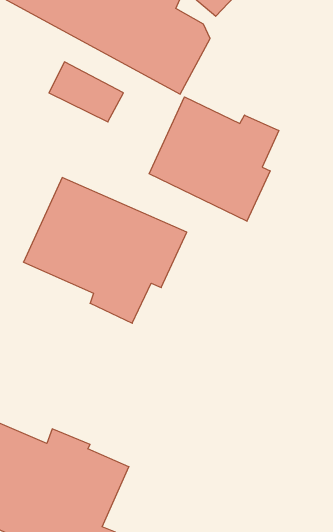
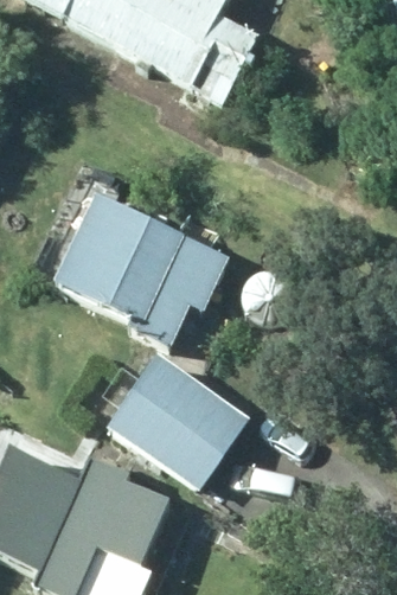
building: [149,97,279,221] -> none
building: none -> [108,353,249,491]

